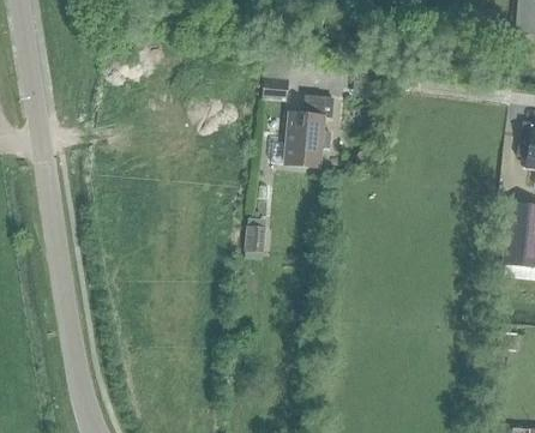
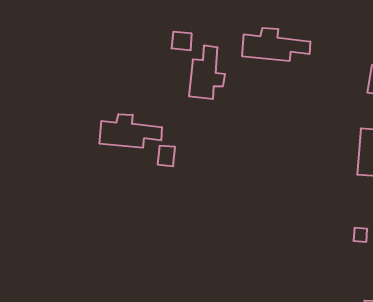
building: none -> [242,28,310,61]
building: none -> [100,114,162,148]

